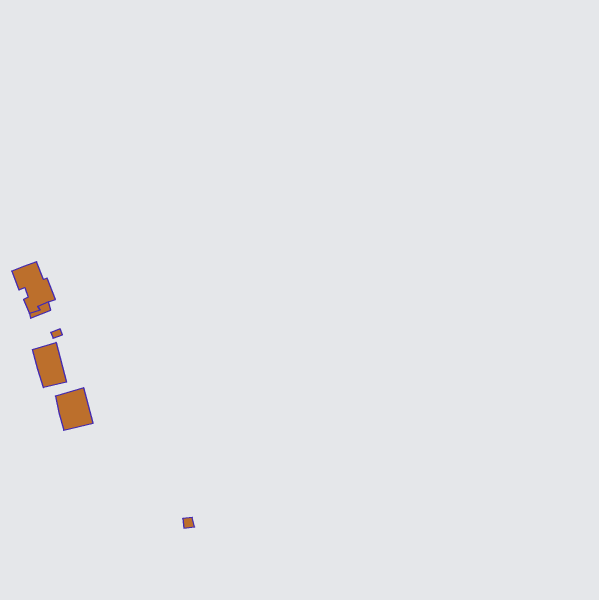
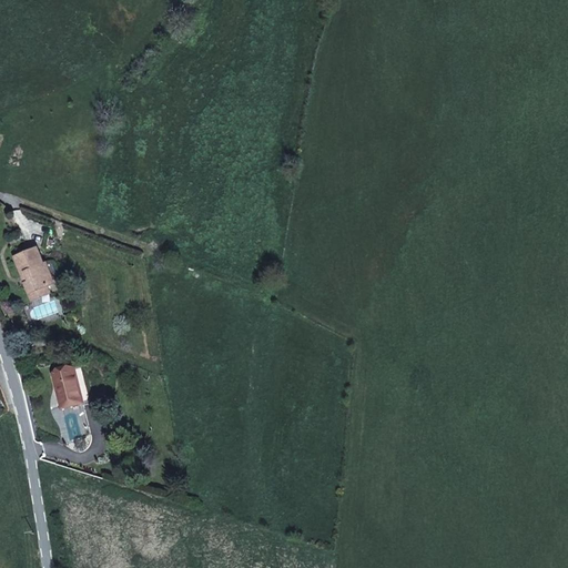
building: [33,342,67,388] -> none

